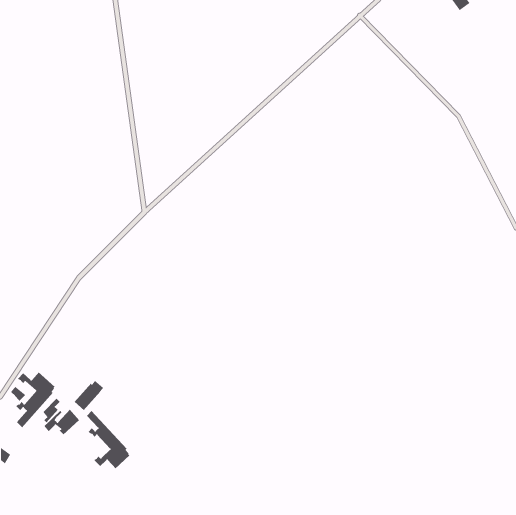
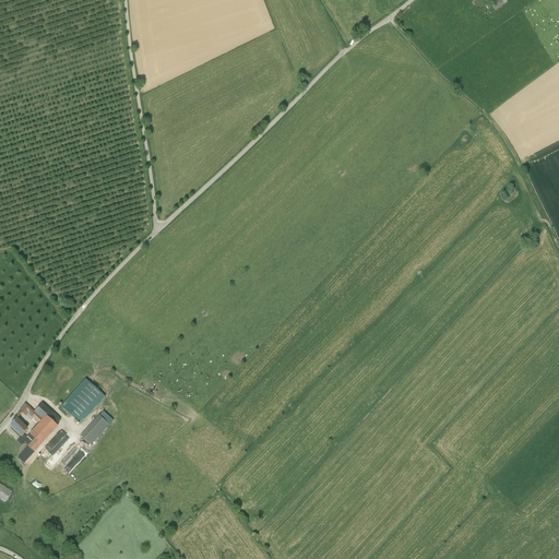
building: none -> [60,378,105,424]
building: [86,410,130,469] -> none

